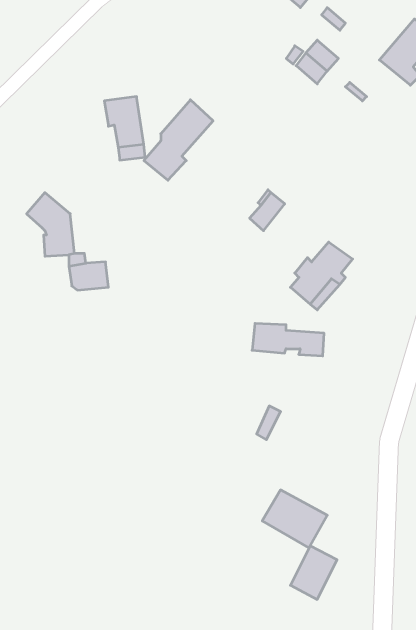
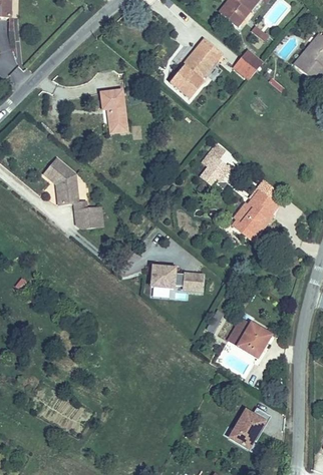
building: [144,100,213,180] -> [174,40,223,97]
building: [252,323,324,356] -> [153,269,205,292]
building: [262,490,327,548] -> [225,317,271,358]

